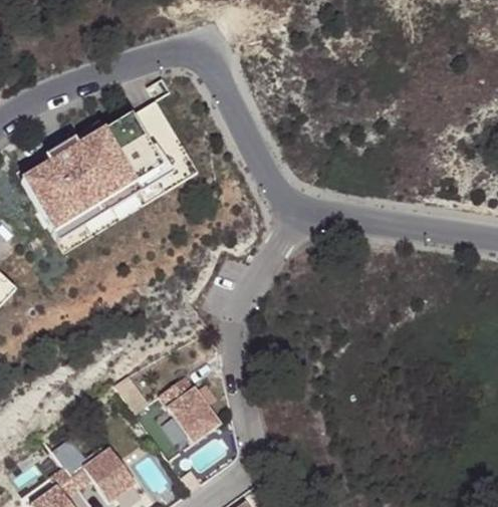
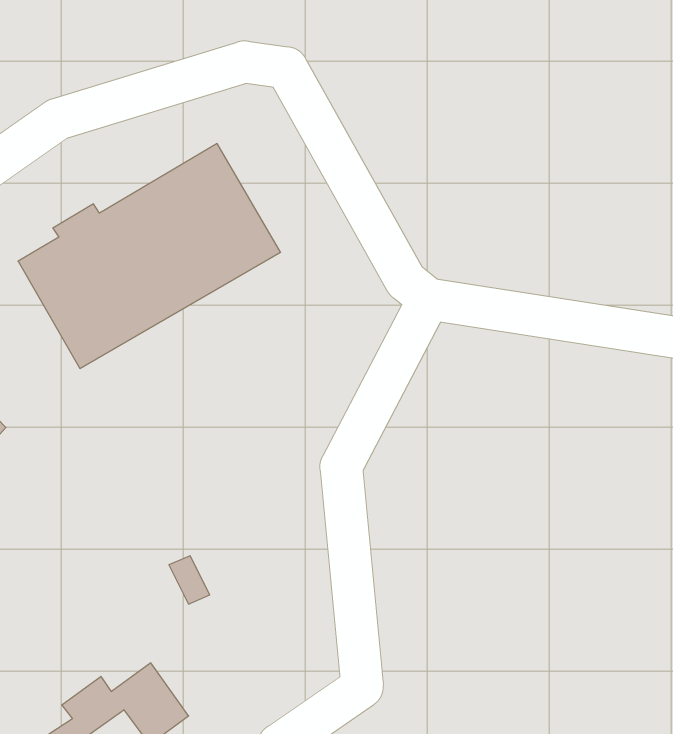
building: [159,374,220,441] -> none

